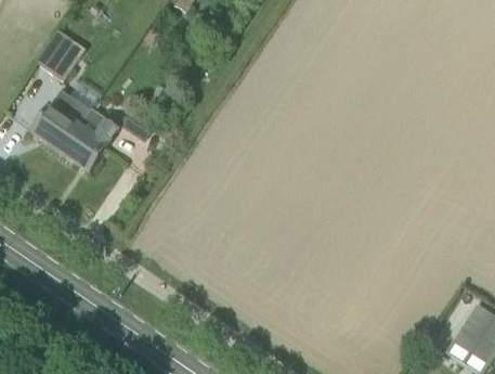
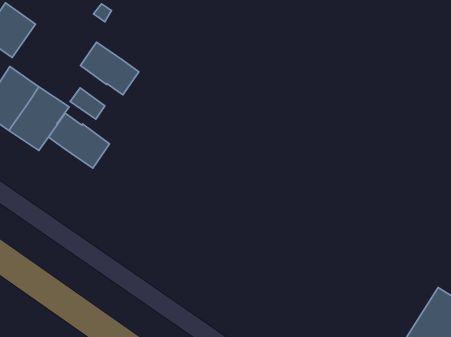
building: none -> [81,42,139,95]
building: none -> [49,113,110,168]

